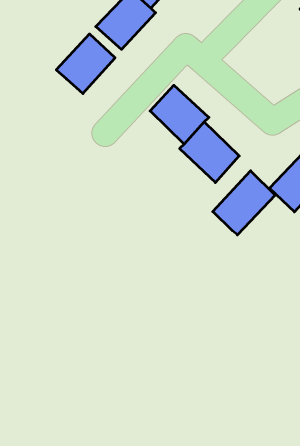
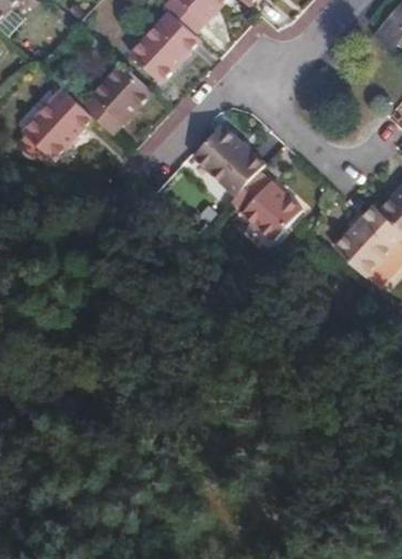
building: none -> [23,88,93,159]
building: [213,171,275,235] -> none

